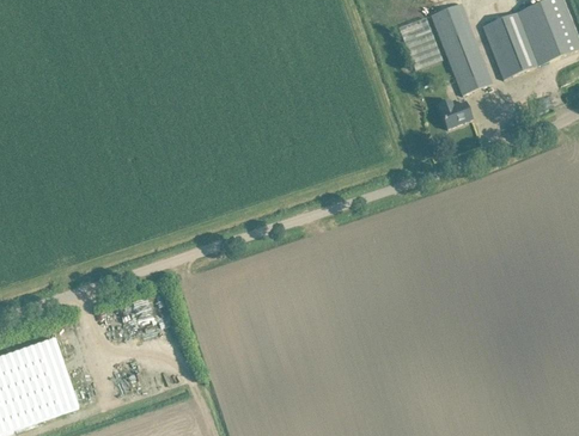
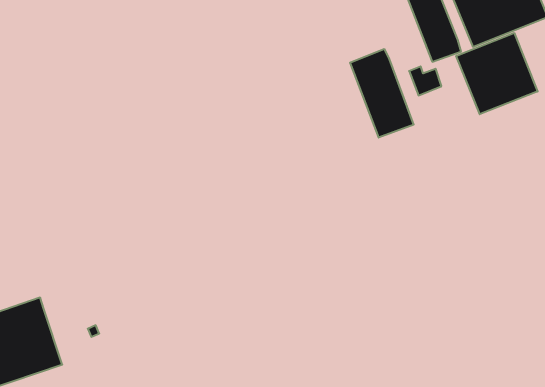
building: none -> [456,33,538,114]
building: none -> [350,49,414,138]

